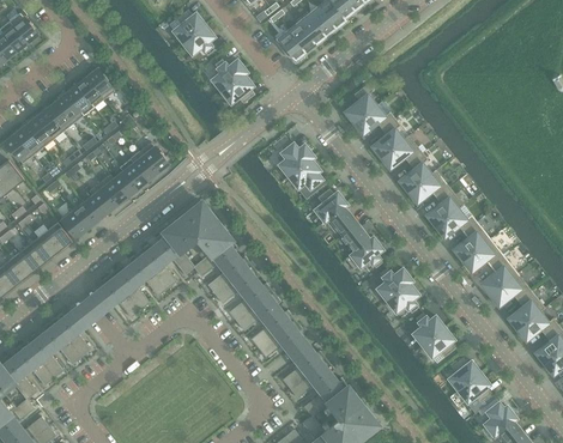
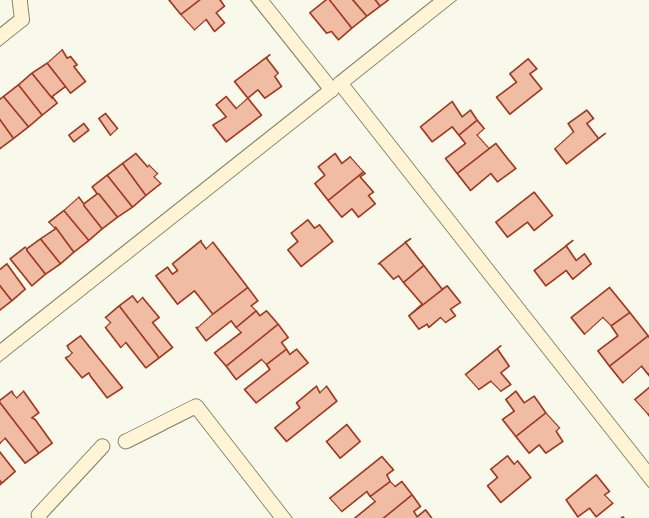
building: [211,59,246,91] -> [213,97,261,142]
building: [344,84,376,123] -> [497,59,542,114]
building: [399,153,435,192] -> [555,110,605,164]
building: [425,187,462,226] -> none
building: [314,188,346,222] -> [288,220,333,267]
building: [453,222,489,260] -> none
building: [155,230,194,275] -> none
building: [110,266,149,310] -> none
building: [376,267,411,301] -> none
building: [62,283,117,333] -> none
building: [236,292,280,330] -> none
building: [258,320,302,358] -> none
building: [281,348,326,389] -> none
building: [448,357,479,390] -> [487,456,531,503]

